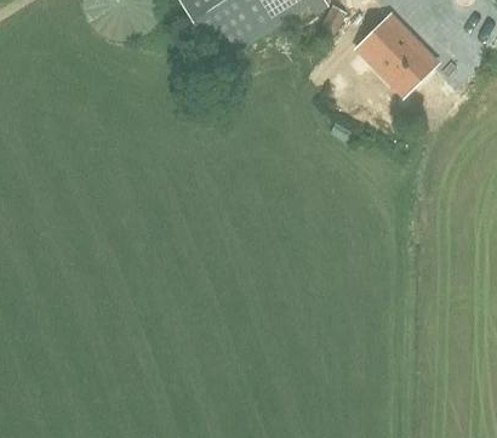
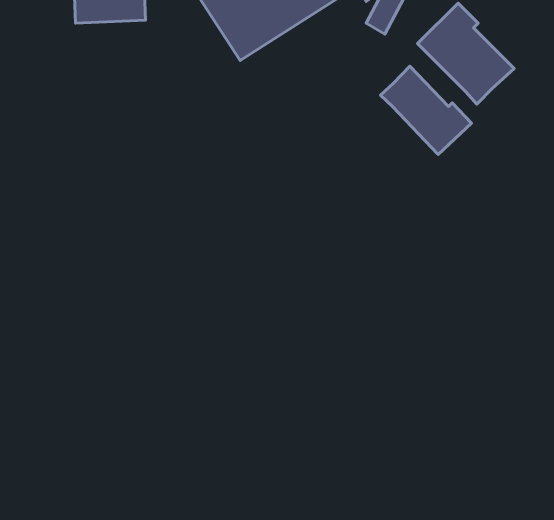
building: none -> [381,66,471,154]

